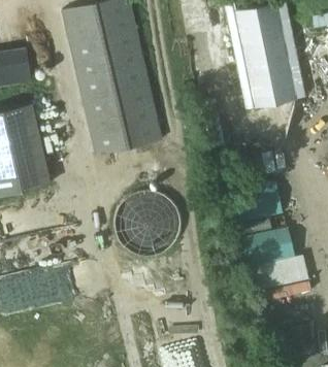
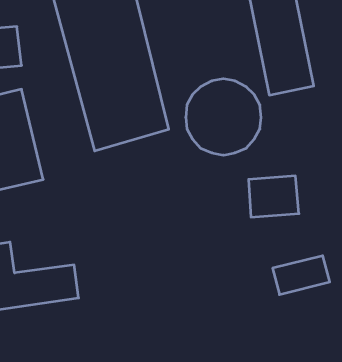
building: [112,190,181,259] -> [186,79,261,155]
building: [250,227,294,264] -> none

